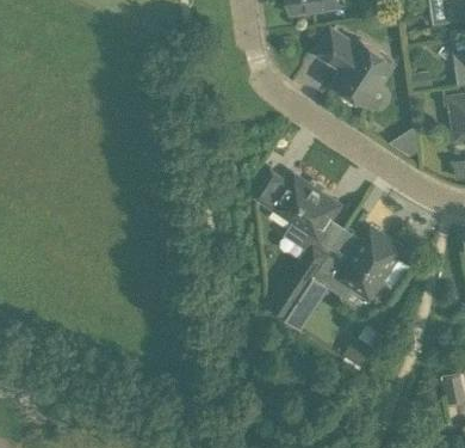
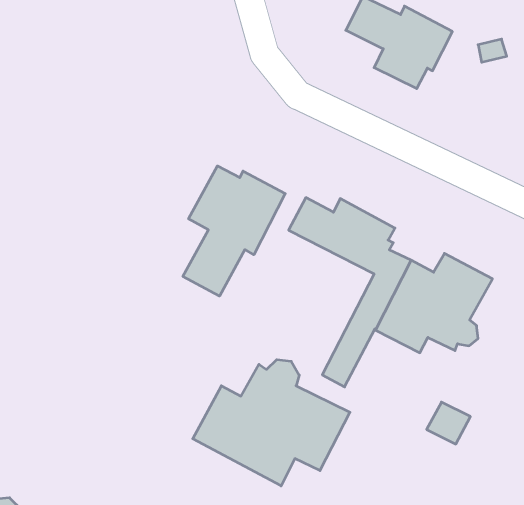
building: none -> [183,166,285,296]
building: none -> [193,360,350,486]

